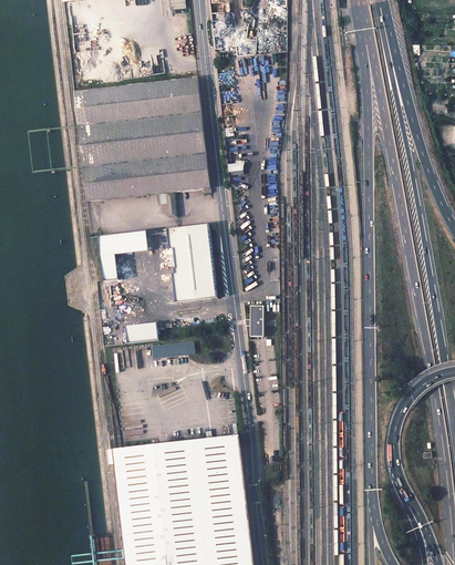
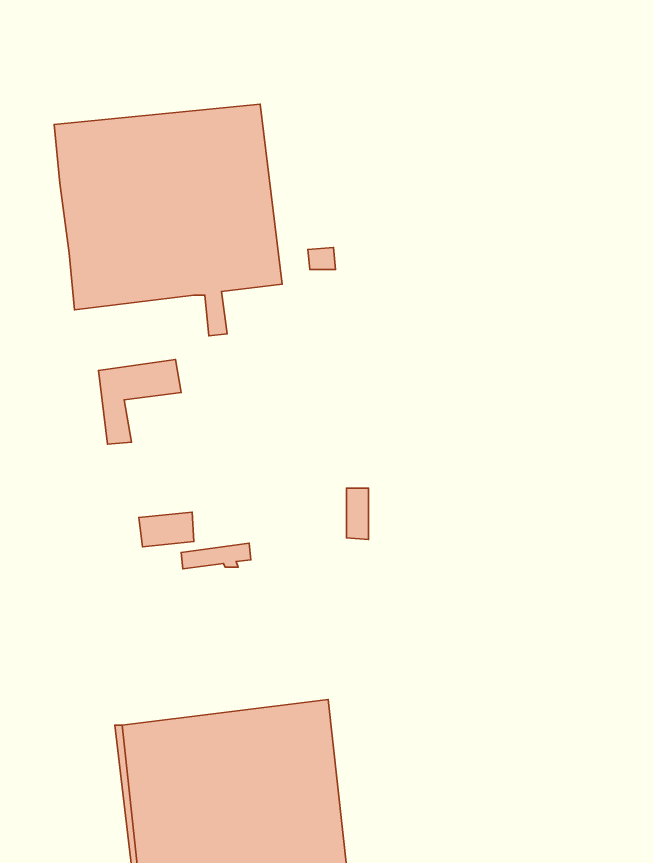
building: [167,223,217,302] -> none

